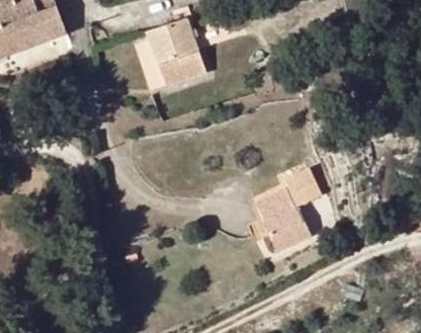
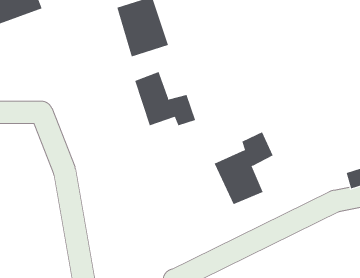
building: none -> [134,71,196,126]

